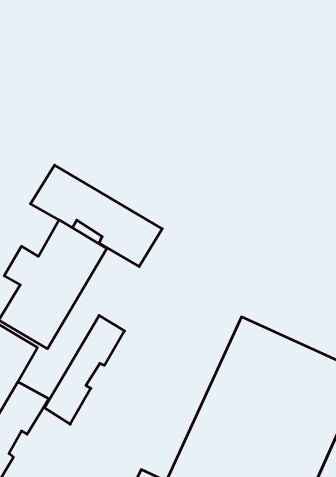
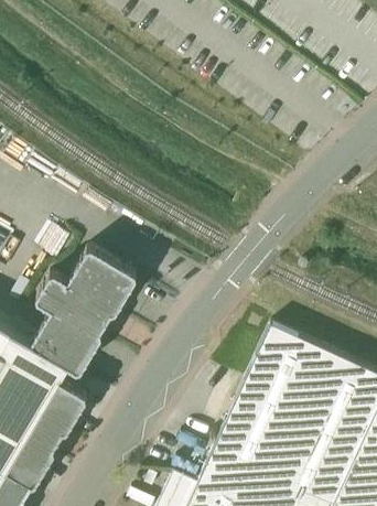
building: [30,165,162,267] -> none
building: [44,315,125,424] -> none

